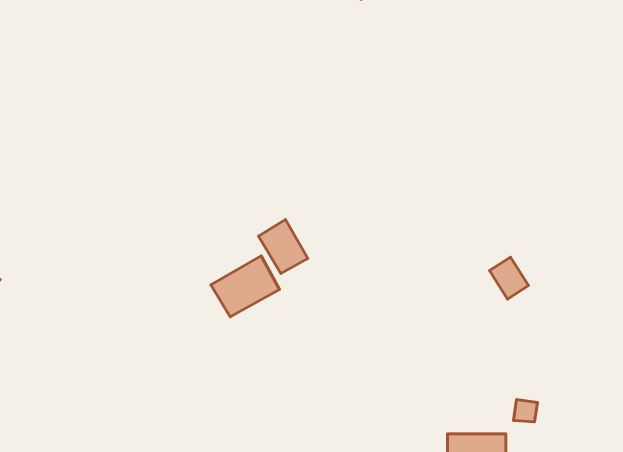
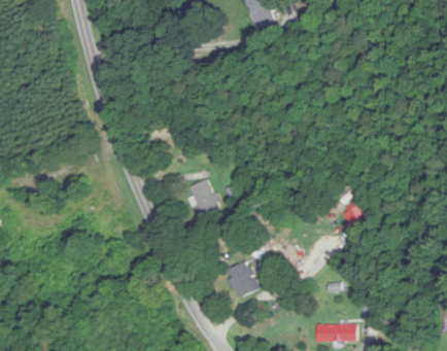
building: [211,256,279,317] -> none
building: none -> [225,259,260,297]

